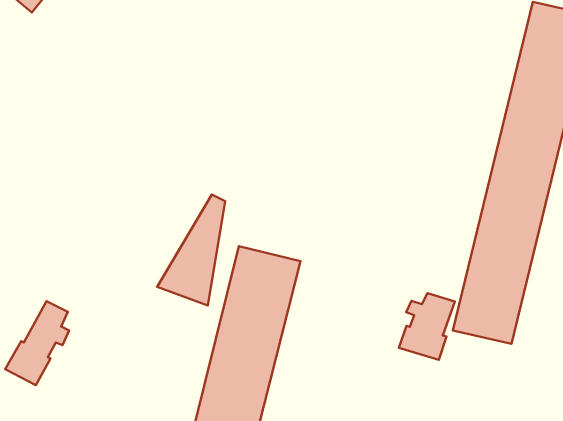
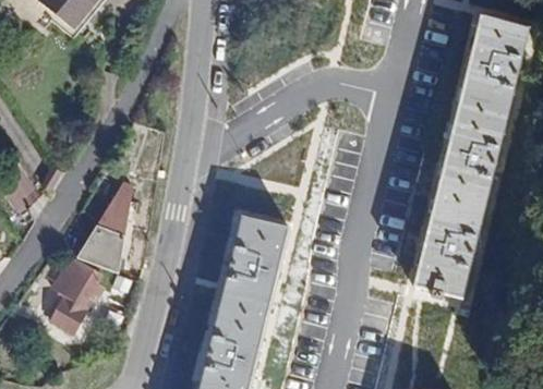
building: [157,195,225,305] -> [74,181,130,271]
building: [399,293,455,360] -> none

